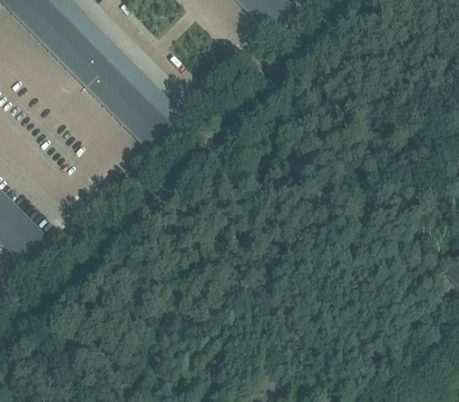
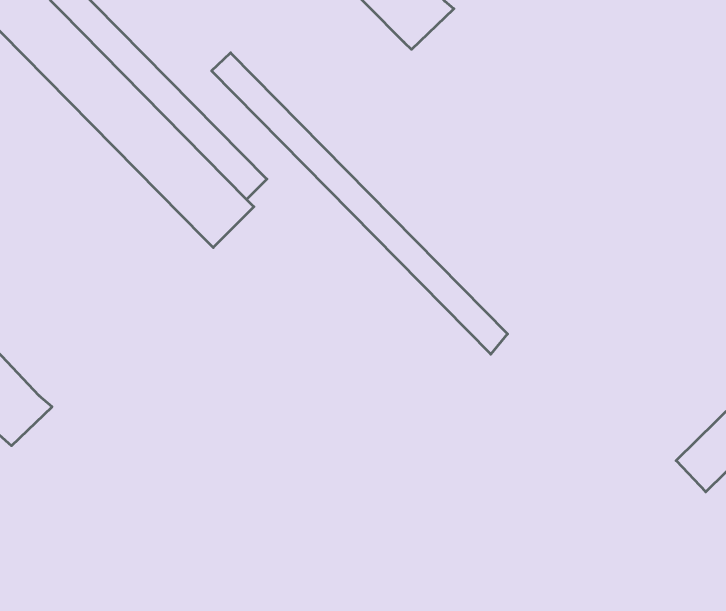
building: none -> [212,53,508,354]

